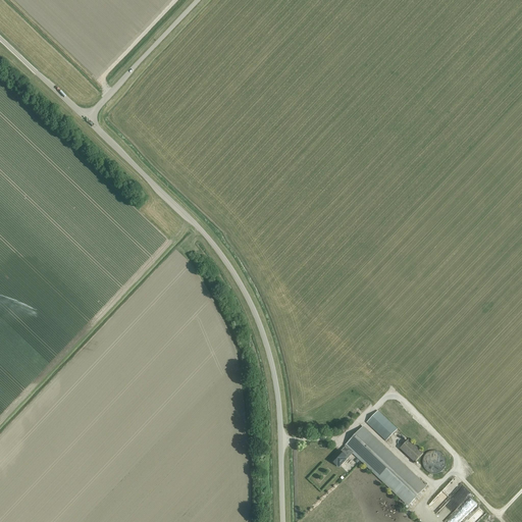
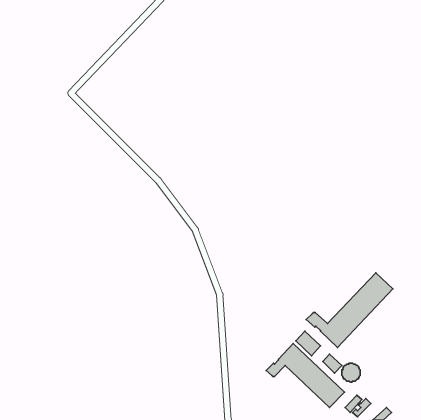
building: none -> [306,273,393,347]

